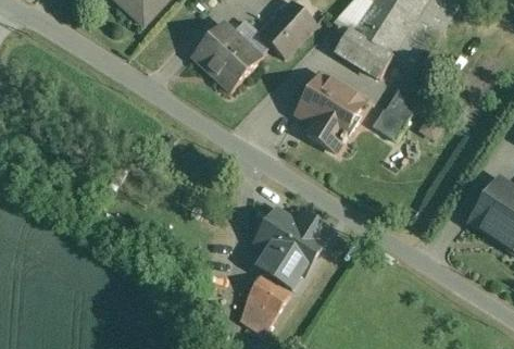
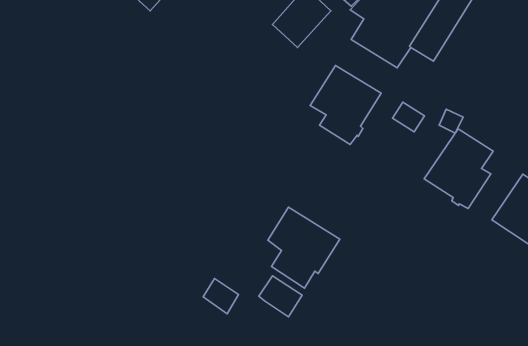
building: [191,22,260,89] -> none
building: [384,87,419,123] -> none
building: none -> [424,129,493,209]
building: [241,299,275,333] -> [203,278,238,314]

